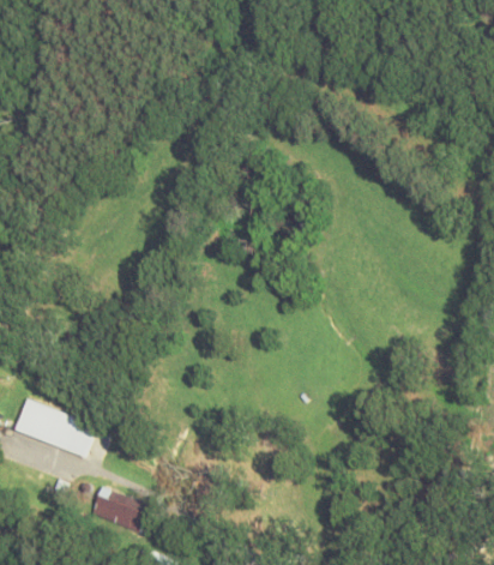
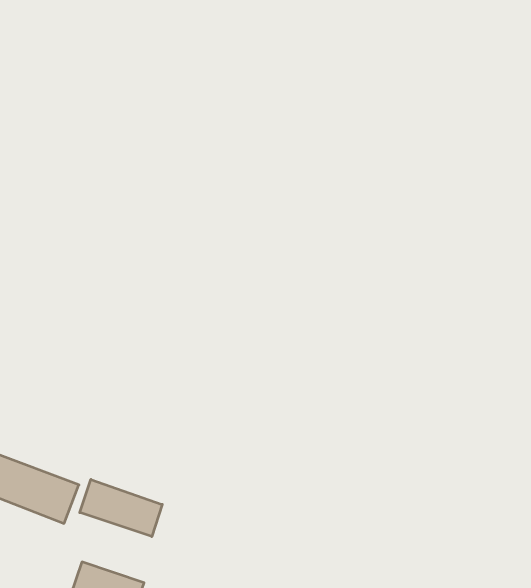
building: none -> [80,479,162,537]

